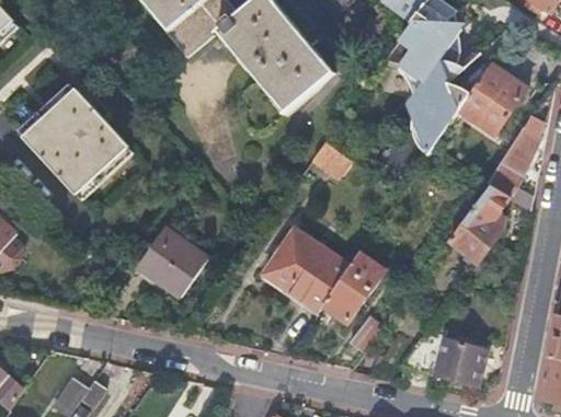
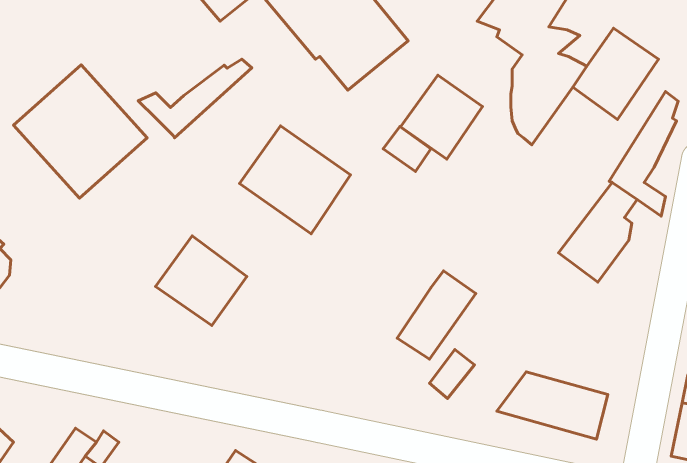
building: none -> [138,59,252,138]
building: none -> [401,75,483,159]
building: [263,229,350,313] -> [240,126,351,234]

